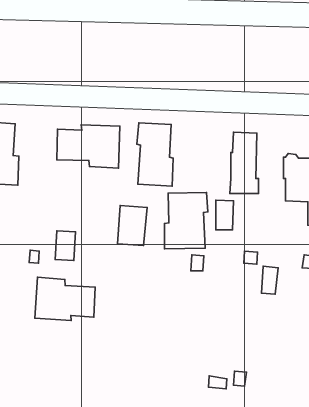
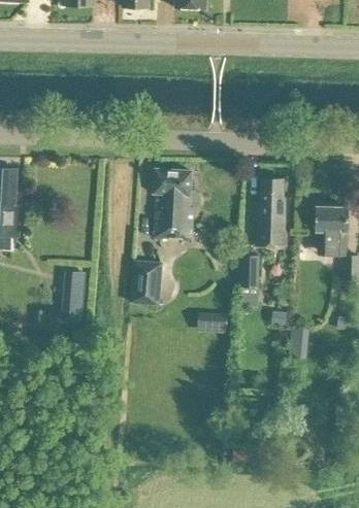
building: [57,125,120,168] -> none
building: [165,192,208,249] -> none
building: [35,277,95,320] -> none

